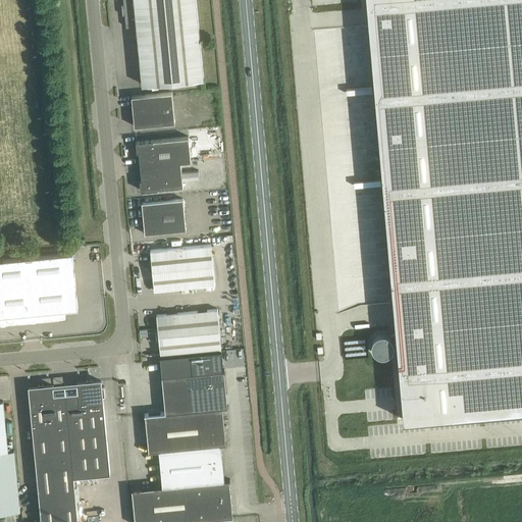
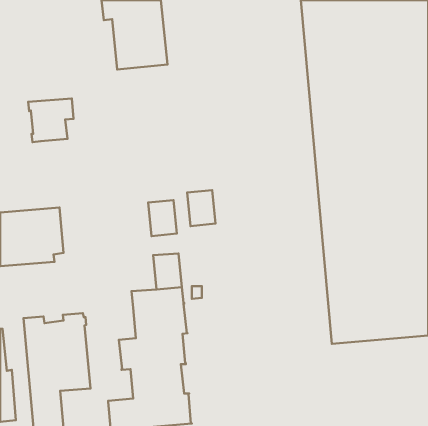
building: [132,94,175,128] -> none
building: [136,139,191,192] -> [28,99,73,142]
building: [142,201,186,236] -> none
building: [150,249,185,293] -> [187,190,216,226]
building: [156,313,191,357] -> none

